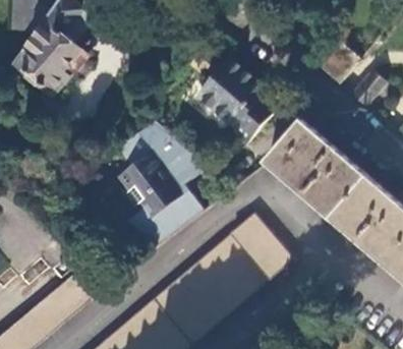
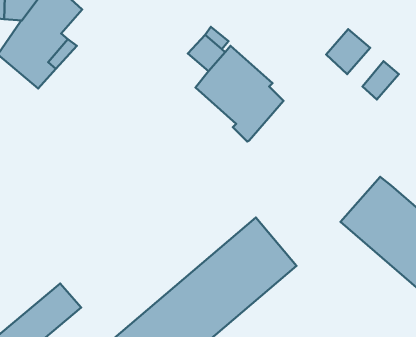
building: [265,120,367,219] -> none
building: [117,121,207,246] -> none

